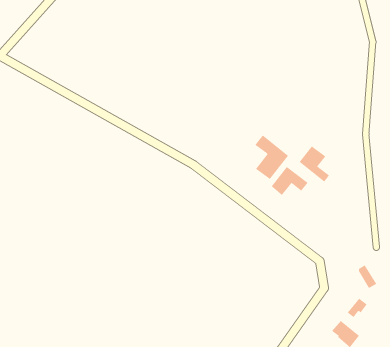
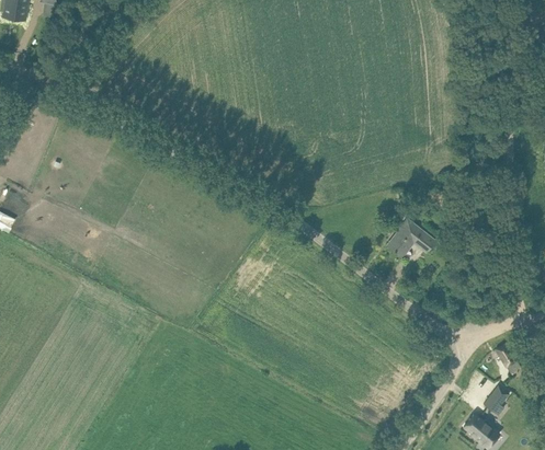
building: [255,134,289,180] -> none
building: [299,146,330,183] -> none

